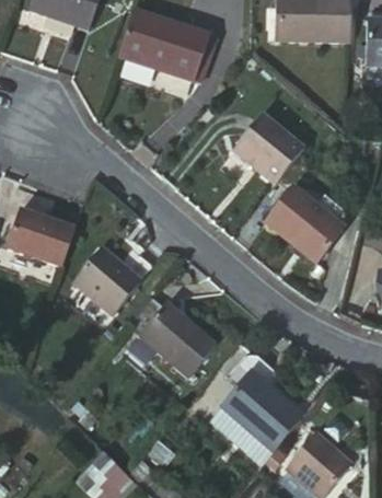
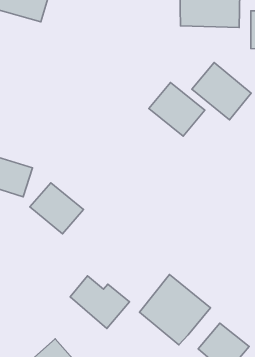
building: [117,9,208,78] -> none
building: [261,188,338,264] -> [192,62,251,120]
building: [140,306,218,375] -> [70,276,129,329]

